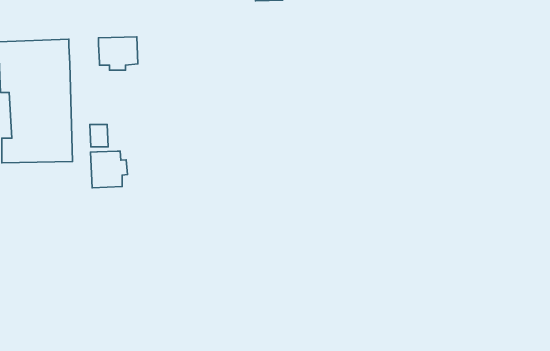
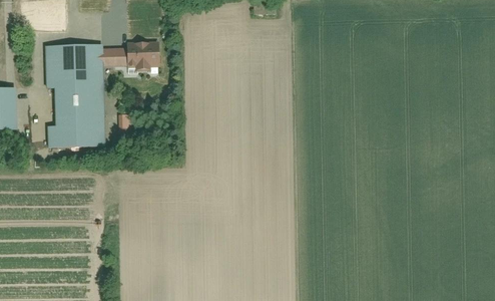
building: none -> [102,48,127,64]
building: [90,151,128,188] -> none

